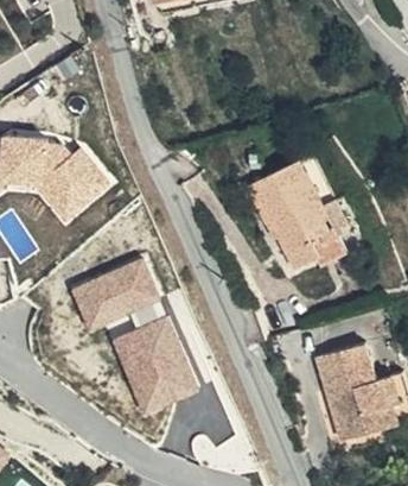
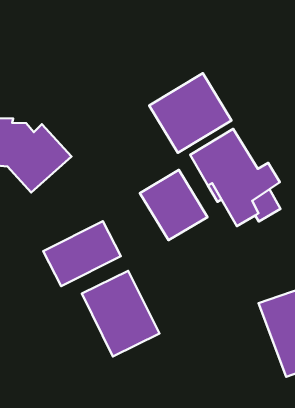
building: none -> [149,73,231,153]
building: none -> [140,170,207,240]

